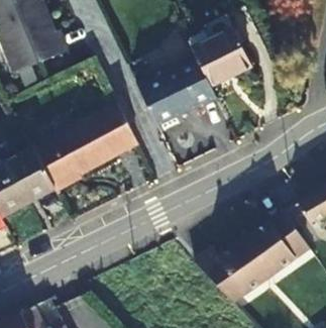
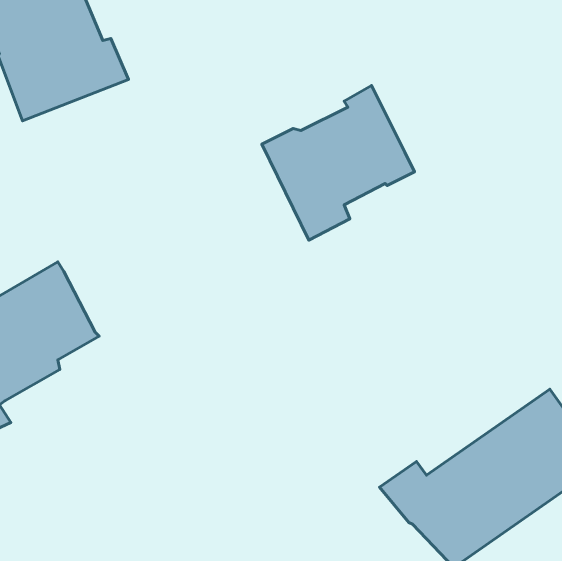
building: [192,32,249,90] -> none
building: [30,104,136,183] -> none

